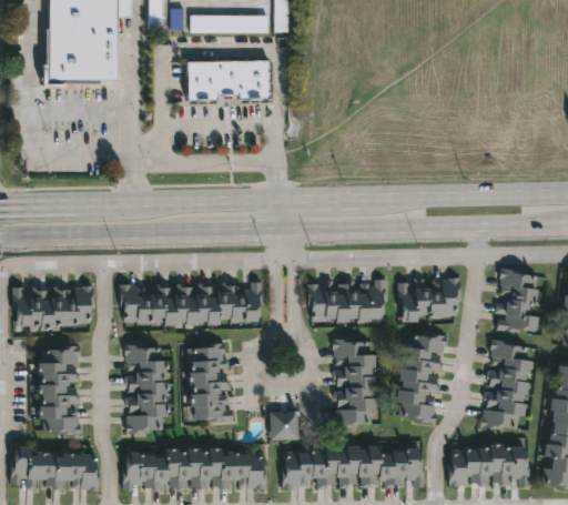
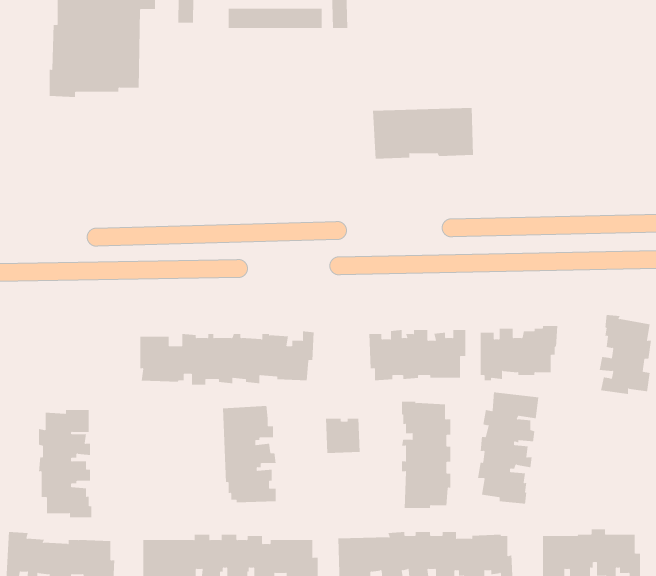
building: [186,60,270,102] -> [372,108,474,159]
building: [14,285,94,327] -> none
building: [480,339,530,430] -> none
building: [123,343,165,433] -> none
building: [268,411,297,440] -> [325,418,360,454]

